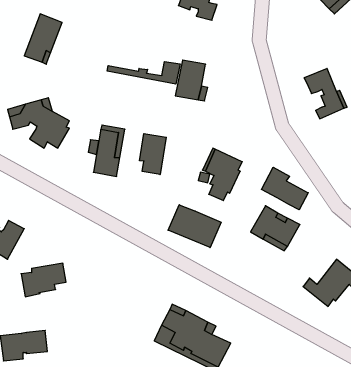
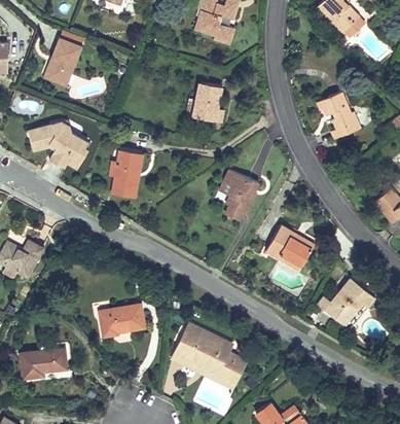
building: [107,62,180,84] -> none
building: [140,134,166,175] -> none
building: [261,167,308,210] -> none
building: [168,205,221,248] -> none
building: [21,263,66,297] -> [100,304,144,337]

